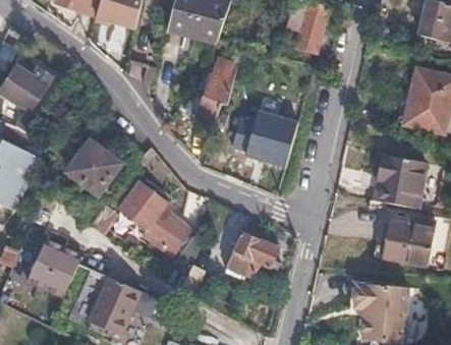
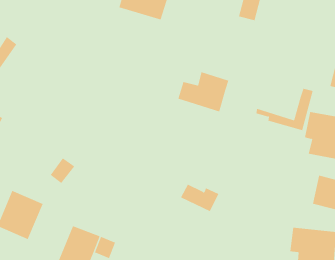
building: [202,61,240,123] -> none
building: [235,118,300,166] -> [256,88,314,131]
building: [65,143,115,192] -> none
building: [116,182,191,256] -> none

